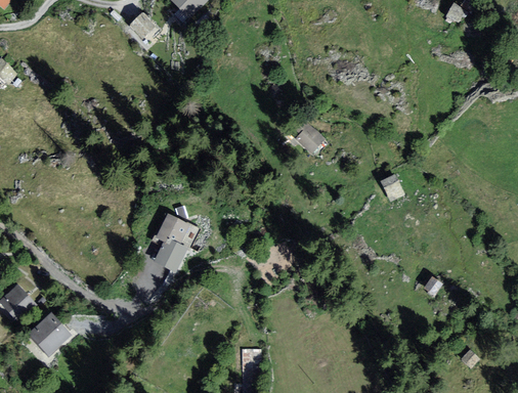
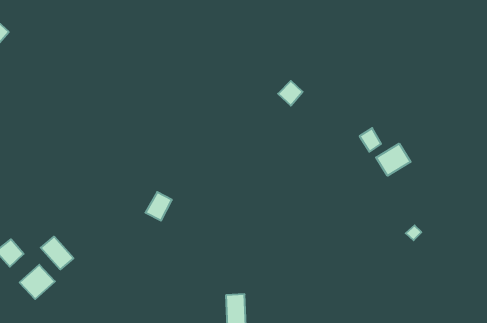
building: none -> [376,144,411,176]
building: [160,217,187,244] -> none
building: none -> [41,237,73,269]

